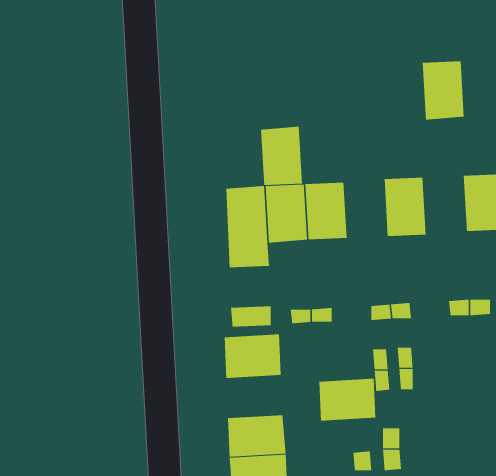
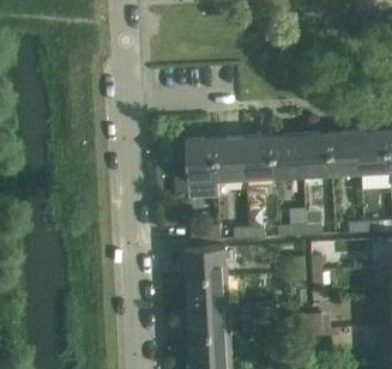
building: [422,61,465,120] -> [328,132,360,175]
building: [260,126,303,185] -> [271,134,302,177]
building: [318,378,376,421] -> [185,277,227,308]

